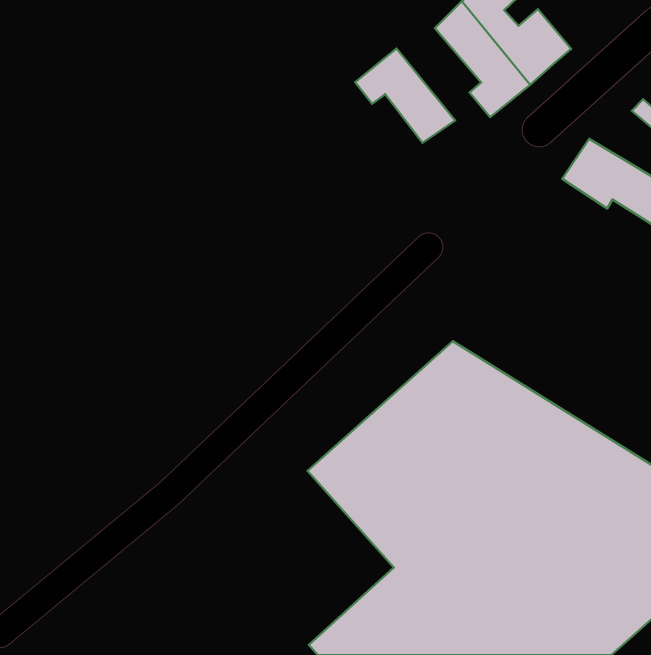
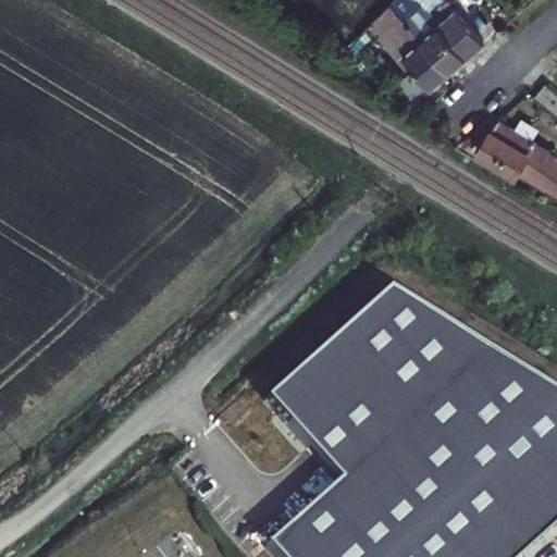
building: [355,49,455,143] -> none

